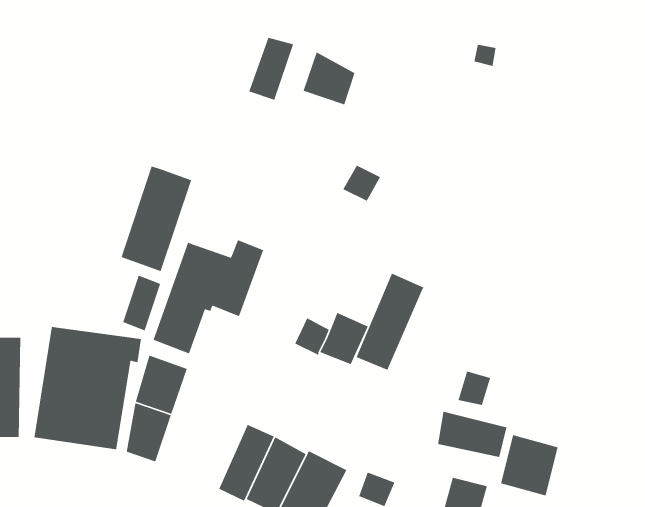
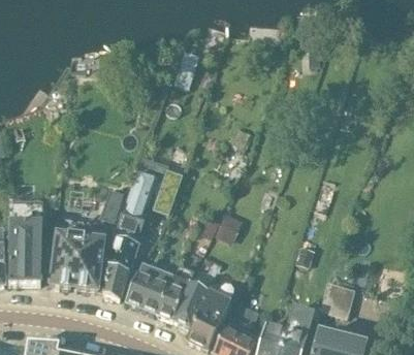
building: [302,51,355,106] -> none
building: [120,165,192,272] -> none
building: [356,273,425,371] -> none
building: none -> [125,261,172,313]
building: [437,411,509,458] -> none

